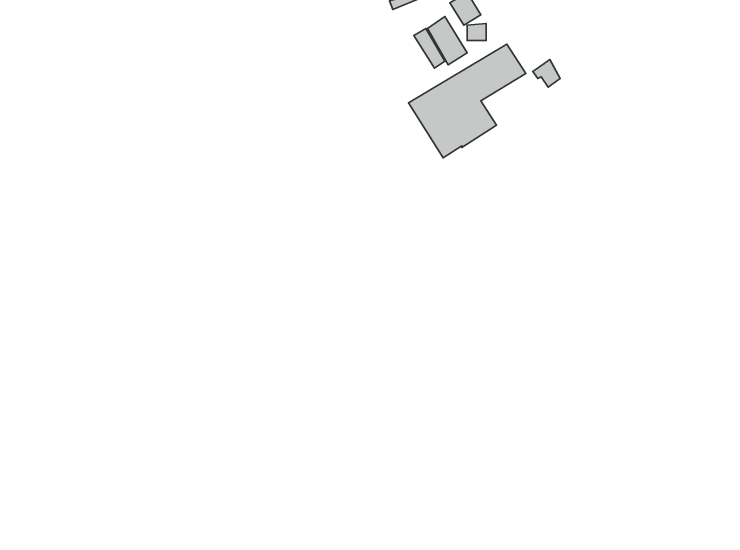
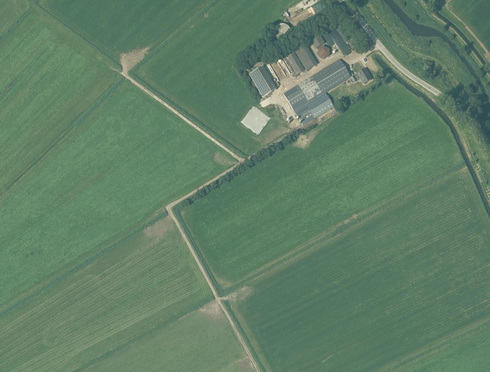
building: none -> [249,66,277,97]

